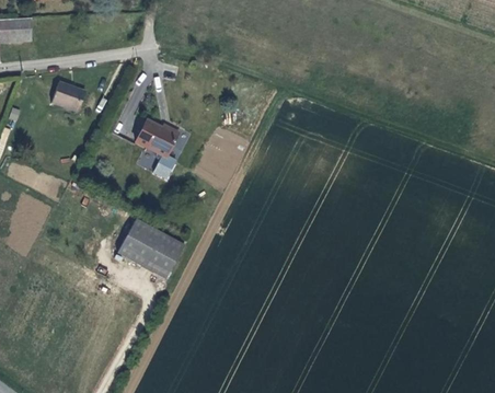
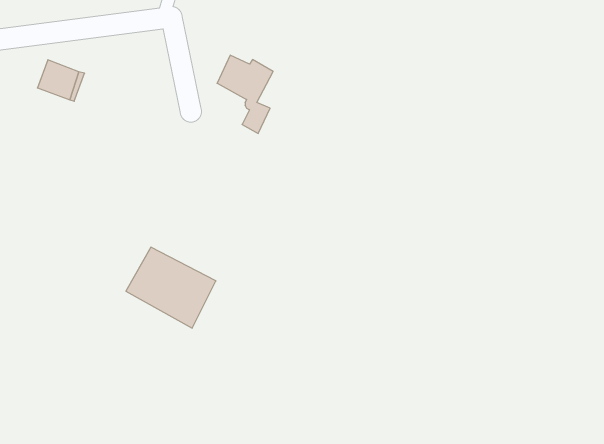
building: [136,124,177,182] -> [217,55,273,133]

